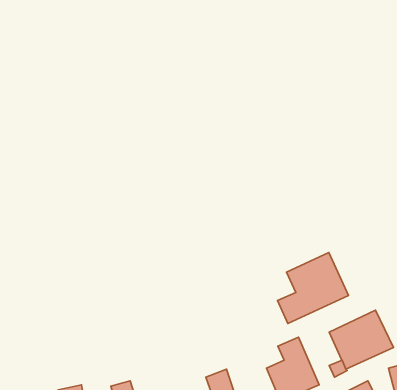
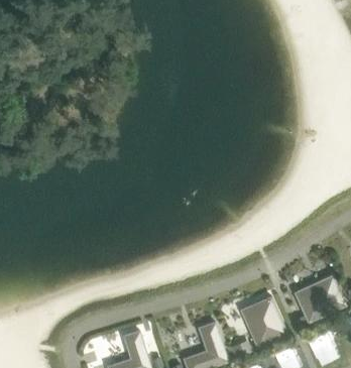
building: [277,252,349,323] -> none

